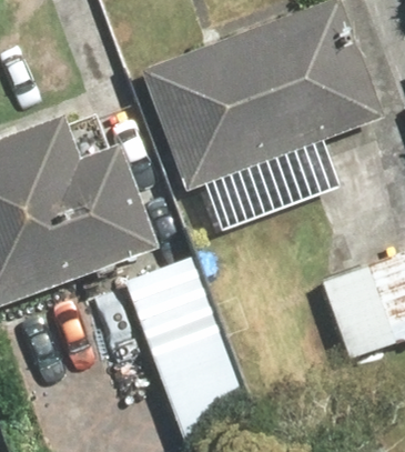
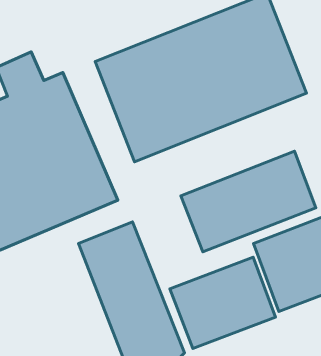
building: none -> [181,151,316,252]
building: none -> [170,257,276,348]

